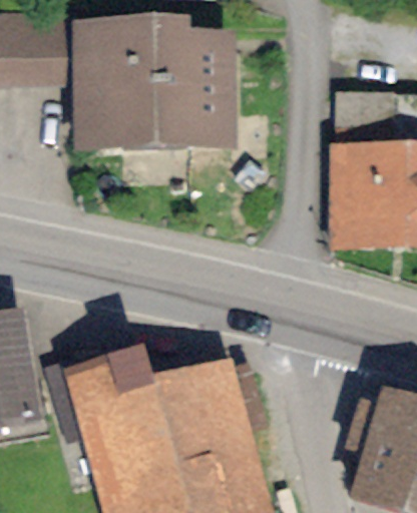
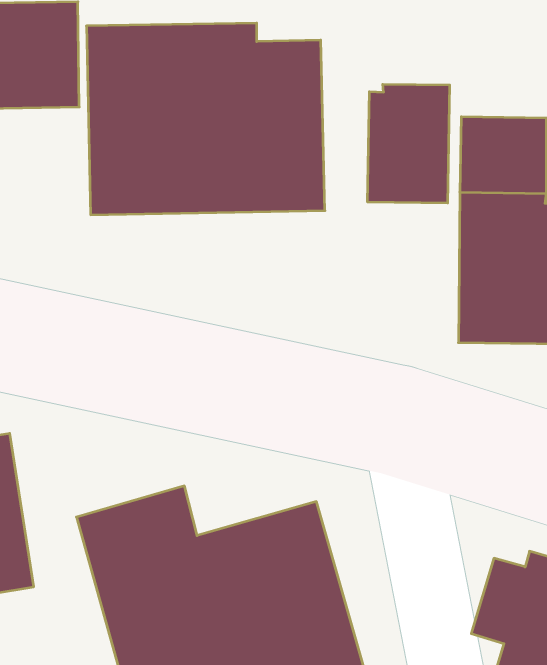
building: none -> [368,84,450,203]

